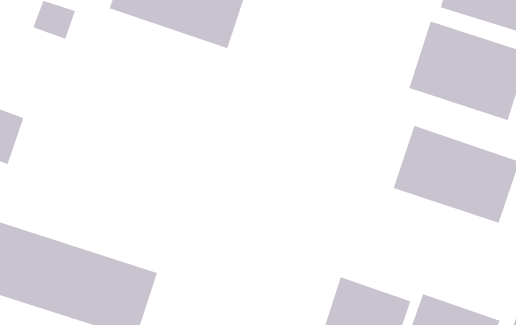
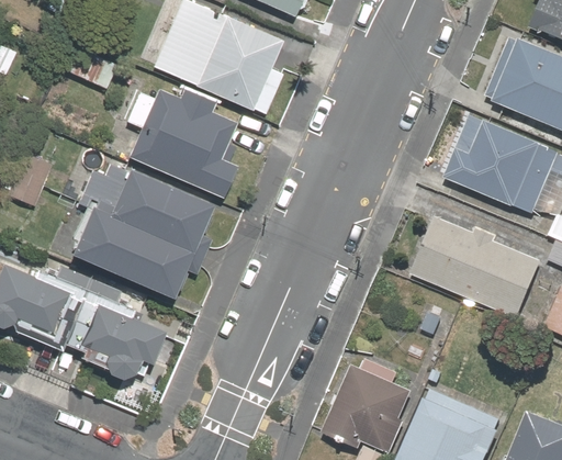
building: none -> [126,86,244,199]
building: none -> [64,161,214,304]

